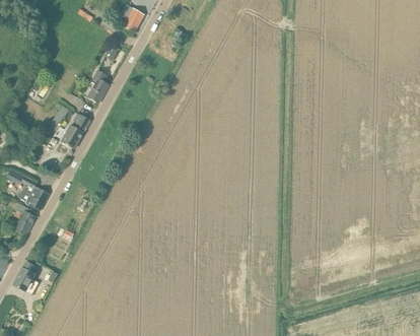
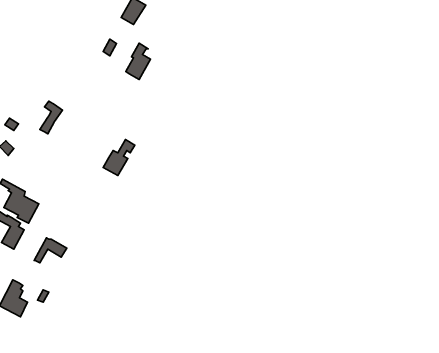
building: [85,70,108,103] -> [126,43,151,79]
building: [60,115,88,147] -> [103,139,135,176]

